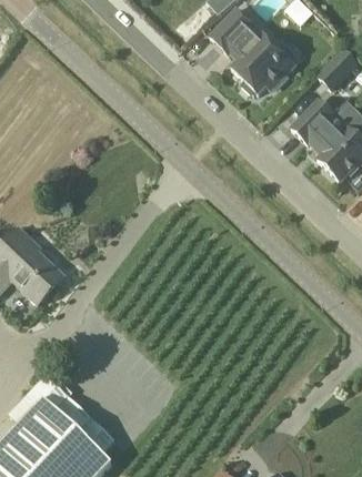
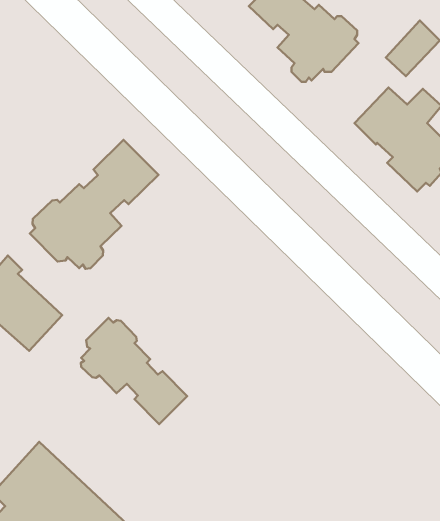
building: none -> [30,140,158,269]
building: none -> [81,318,187,424]

